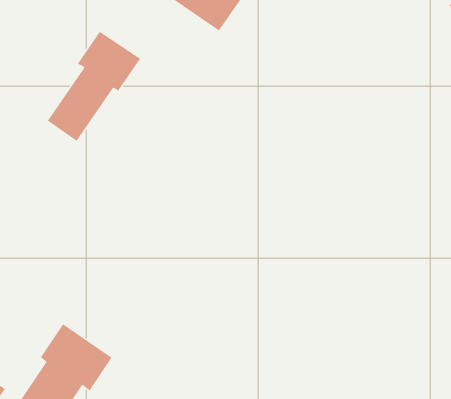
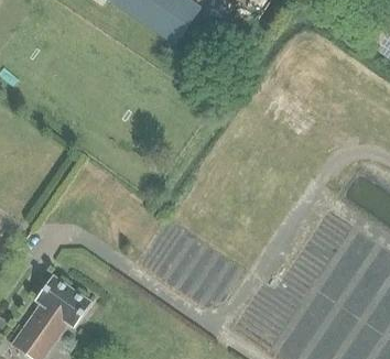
building: [47,31,141,142] -> none

